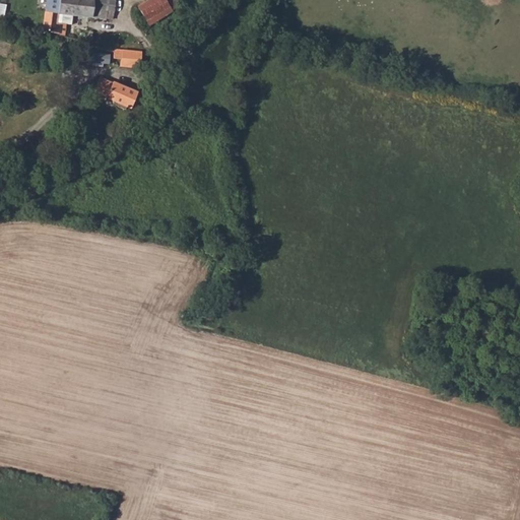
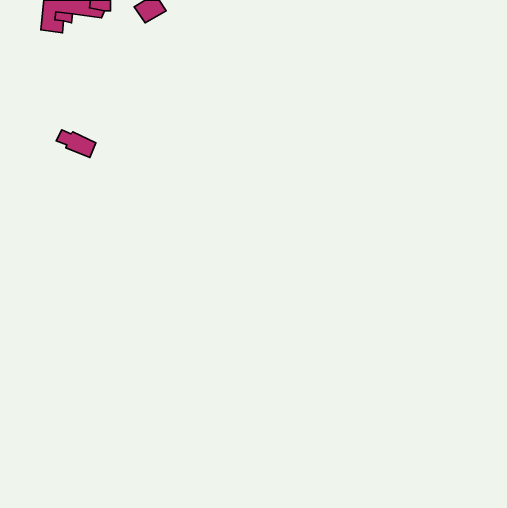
building: [114,48,142,66] -> none
building: [98,78,138,107] -> [56,130,96,158]

